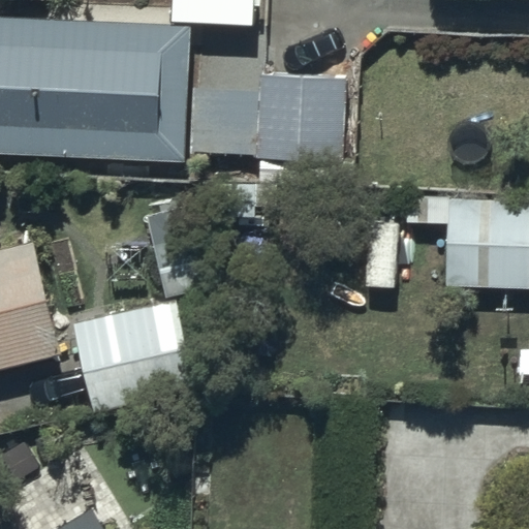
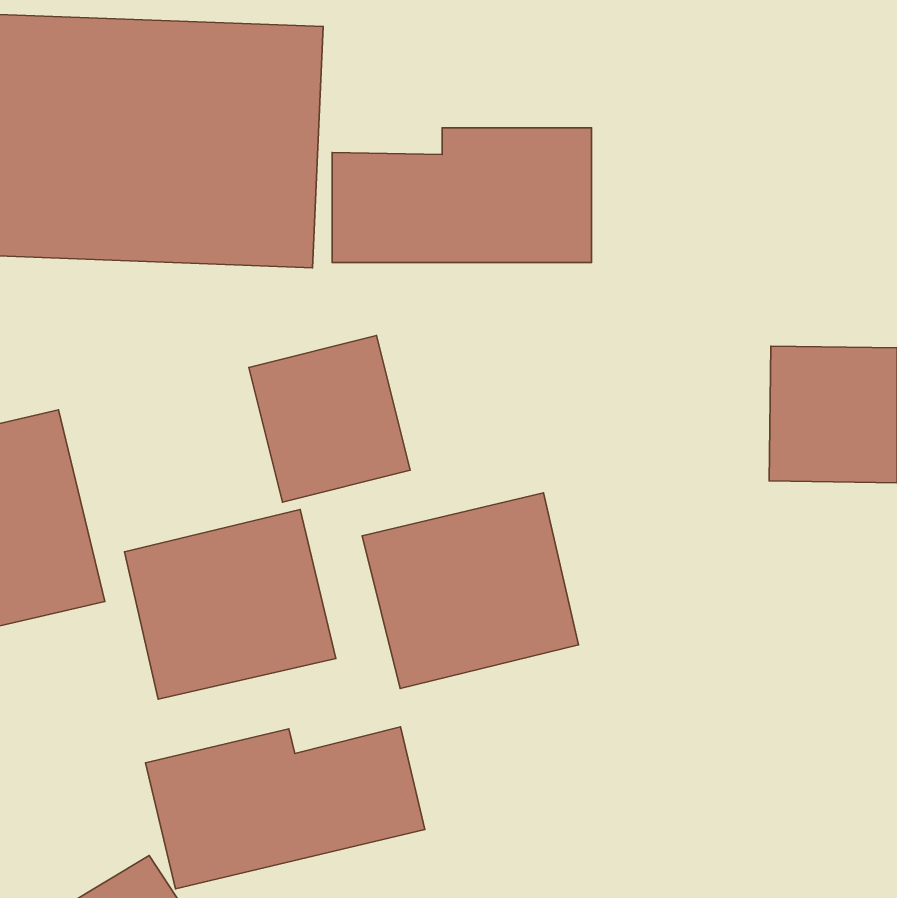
building: none -> [362,493,579,688]
building: none -> [145,727,425,889]

